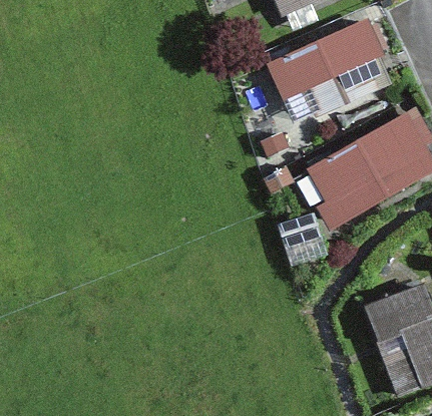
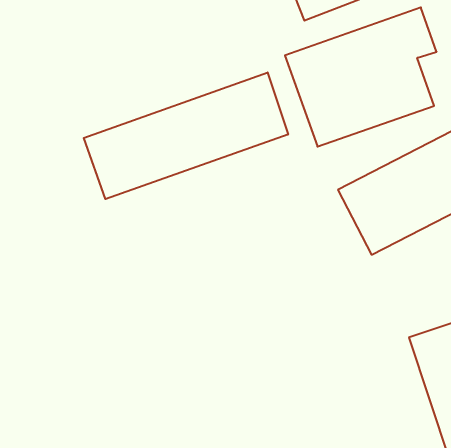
building: none -> [84,72,288,199]

